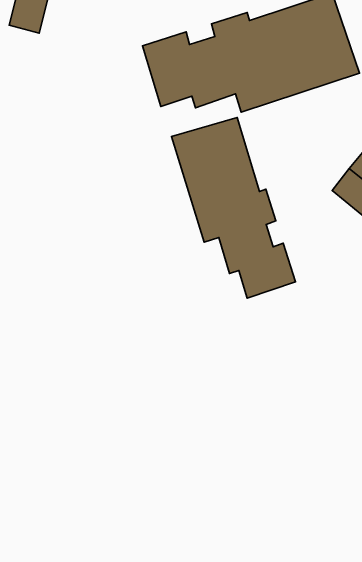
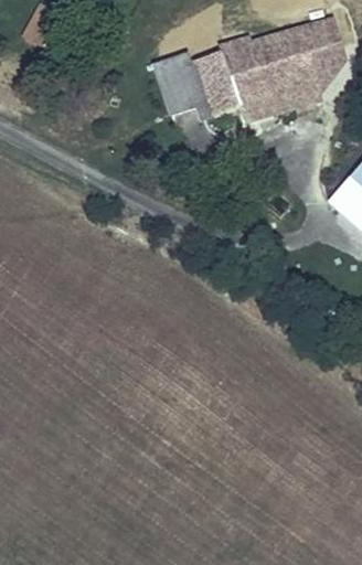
building: [172,117,296,298] -> none

